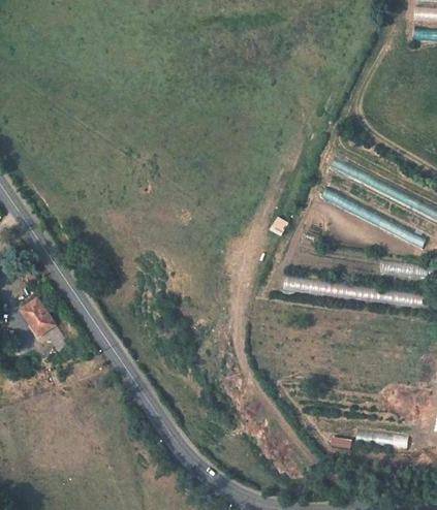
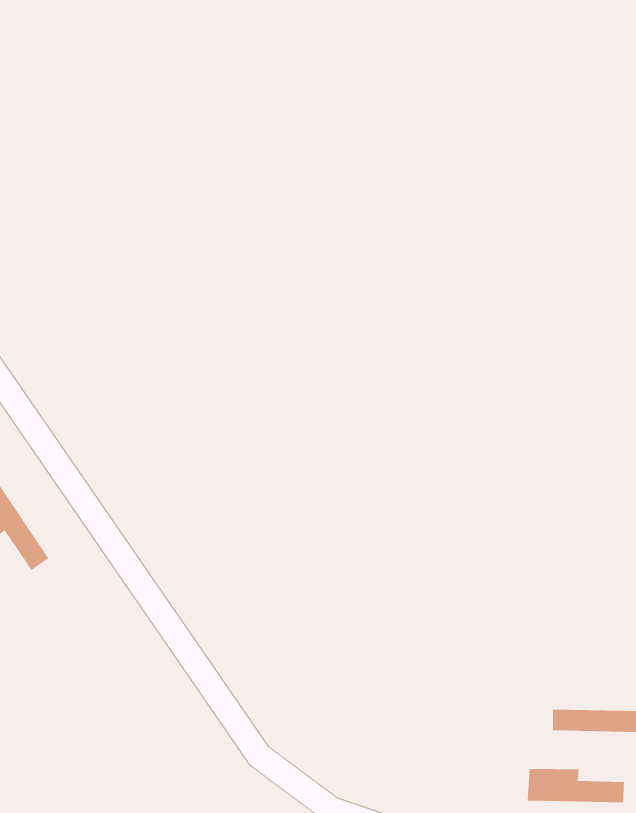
building: none -> [527,768,624,803]

